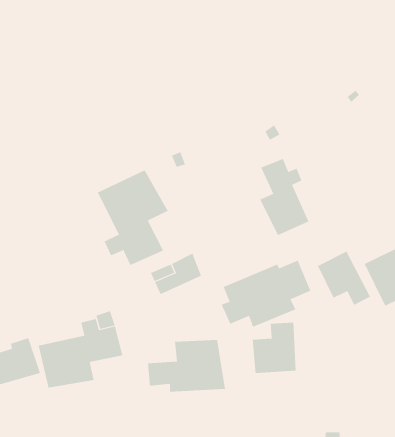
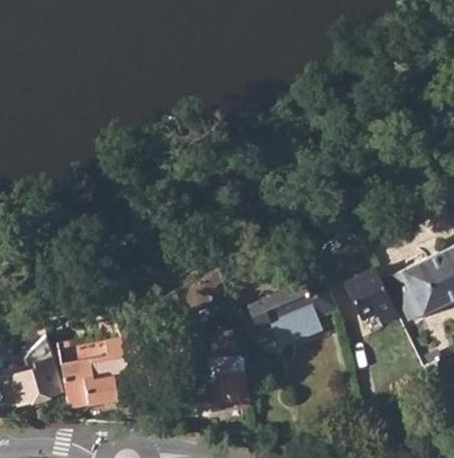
building: [260,158,309,236] -> none
building: [97,170,168,266] -> none
building: [252,322,296,374] -> none

